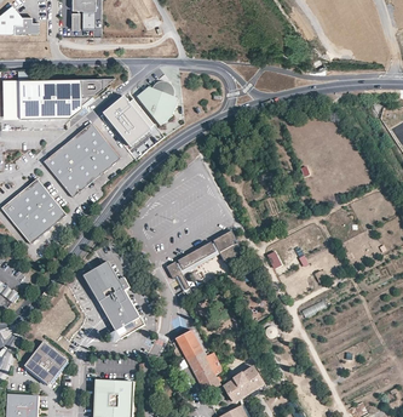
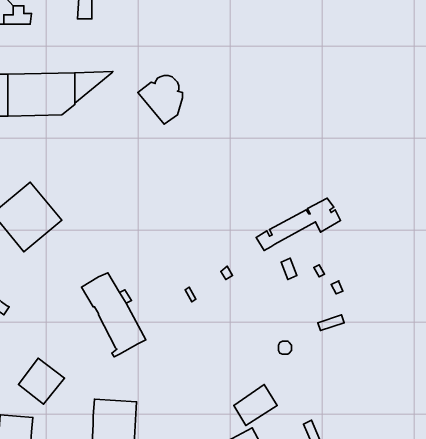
building: [102,96,152,145] -> none
building: [44,122,120,198] -> none
building: [165,232,242,280] -> [256,198,340,251]
building: [172,331,224,393] -> none

